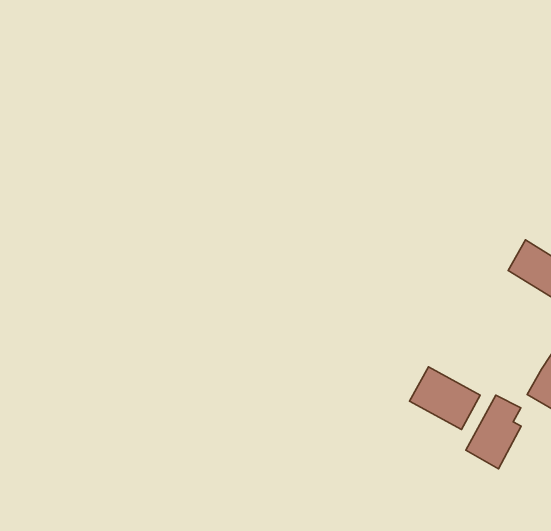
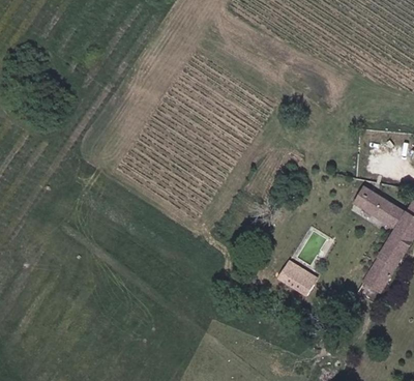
building: [466,395,521,469] -> none

